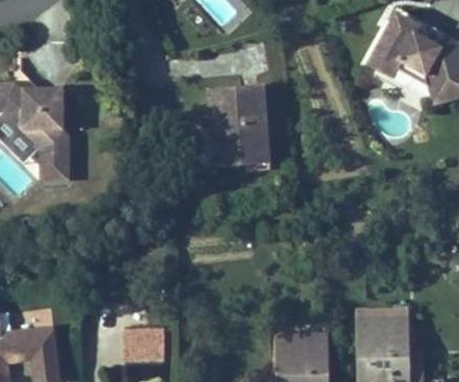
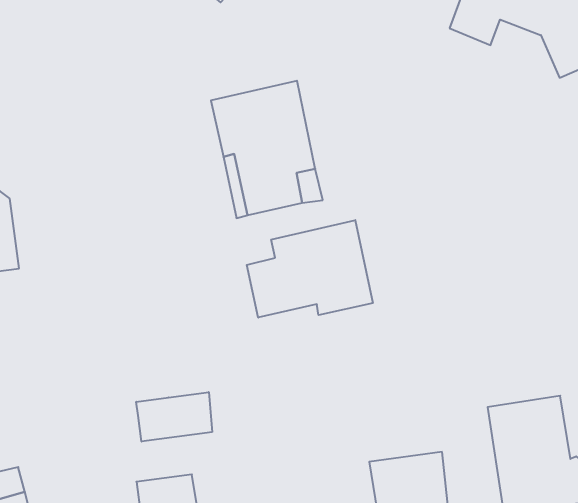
building: none -> [247,220,373,318]
building: none -> [136,392,212,442]

